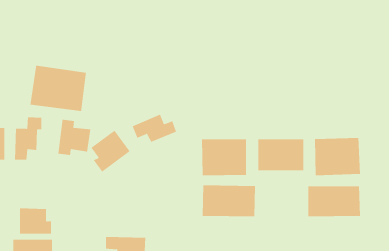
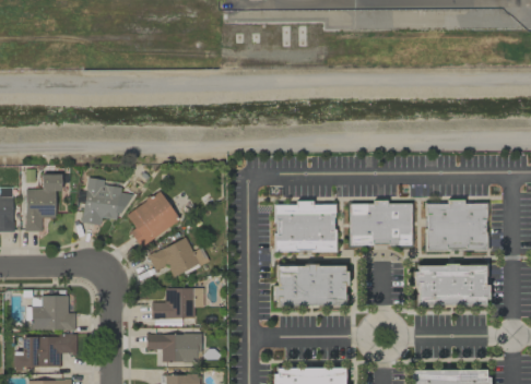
building: [30,65,86,112] -> none
building: [132,114,177,143] -> [149,238,209,276]
building: none -> [152,288,203,319]

